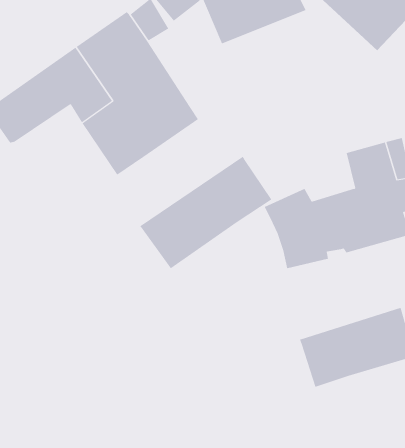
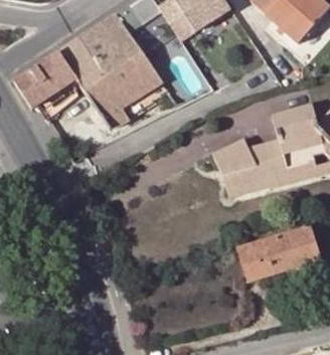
building: [139,156,272,269] -> none

